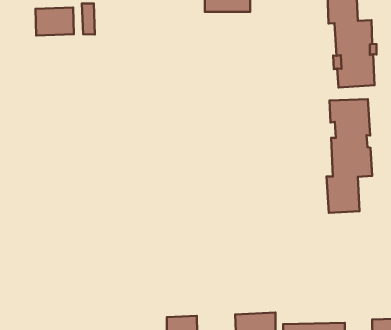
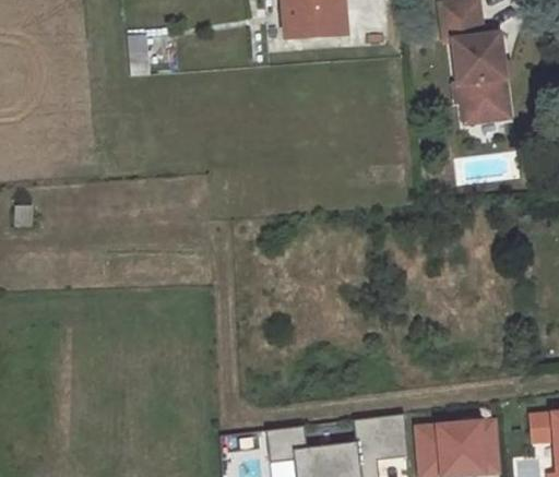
building: [35,7,74,36] -> none
building: [326,99,372,213] -> none

